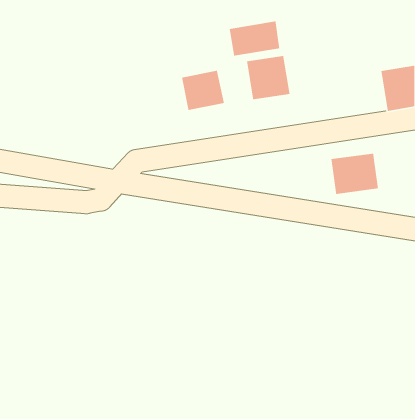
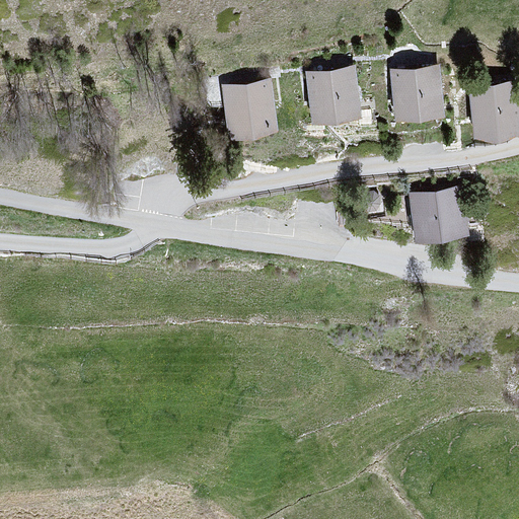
building: [229,21,280,56] -> none
building: none -> [390,67,443,121]

